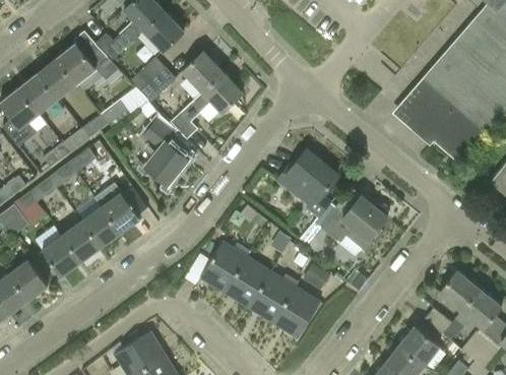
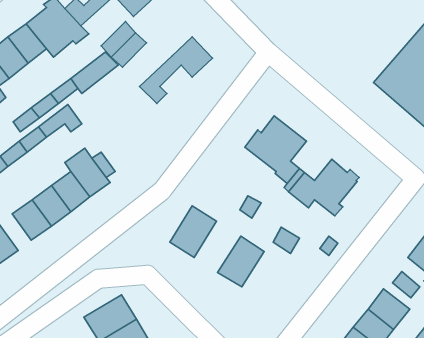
building: [183,51,223,90] -> none
building: [143,119,189,184] -> none
building: [225,256,271,308] -> none
building: [272,287,319,337] -> none

